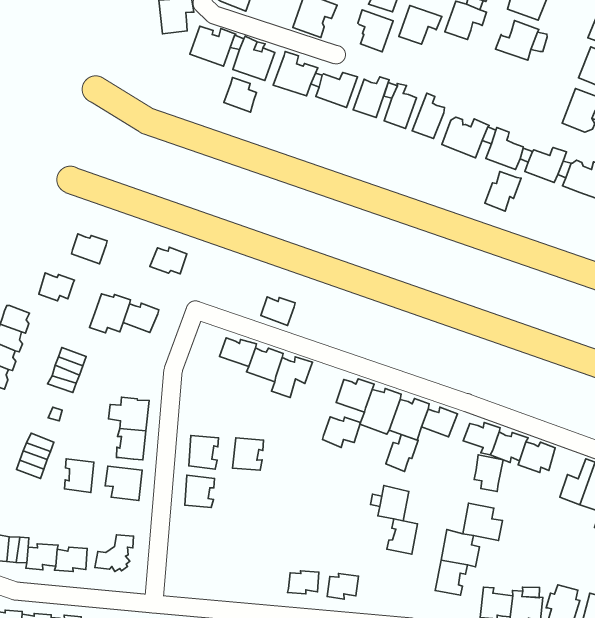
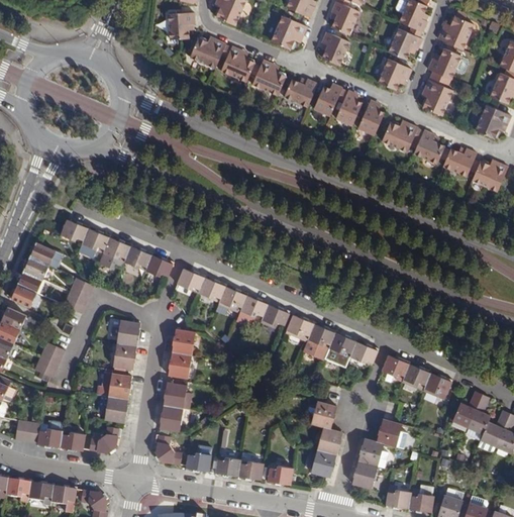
building: [399,6,442,44] -> [377,60,411,90]
building: none -> [420,80,452,116]
building: [224,77,257,112] -> none
building: [485,171,521,211] -> none
building: [71,234,107,264] -> [82,228,110,252]
building: [150,247,187,274] -> [144,256,174,278]
building: [261,297,295,326] -> [177,270,204,293]
building: [322,417,361,447] -> [260,306,290,330]
building: [386,434,418,471] -> none
building: [233,438,263,470] -> [171,329,196,355]
building: [474,455,503,492] -> none
building: [64,459,94,492] -> [103,396,127,423]
building: none -> [159,406,183,432]
building: none -> [153,434,182,464]
building: none -> [310,450,335,479]
building: none -> [186,453,211,473]
building: none -> [215,456,240,478]

